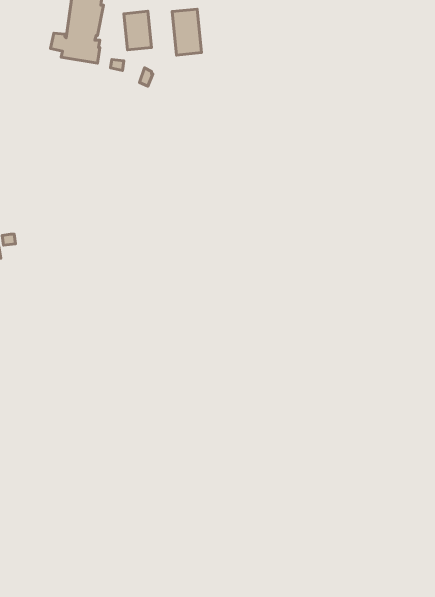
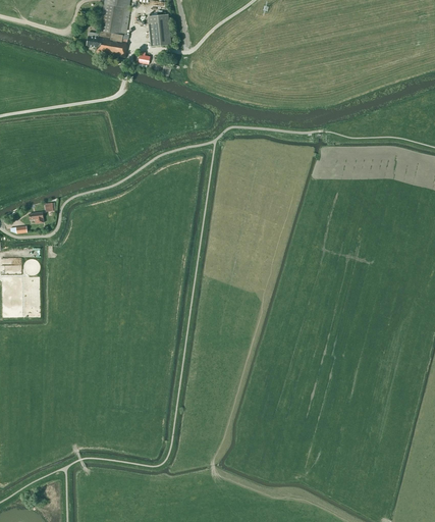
building: [172,9,201,55] -> none

